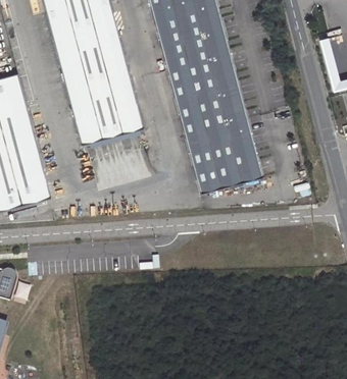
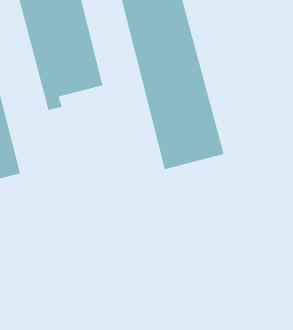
building: [79,104,143,143] -> none

